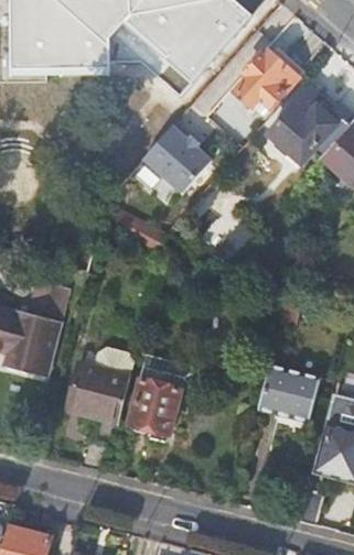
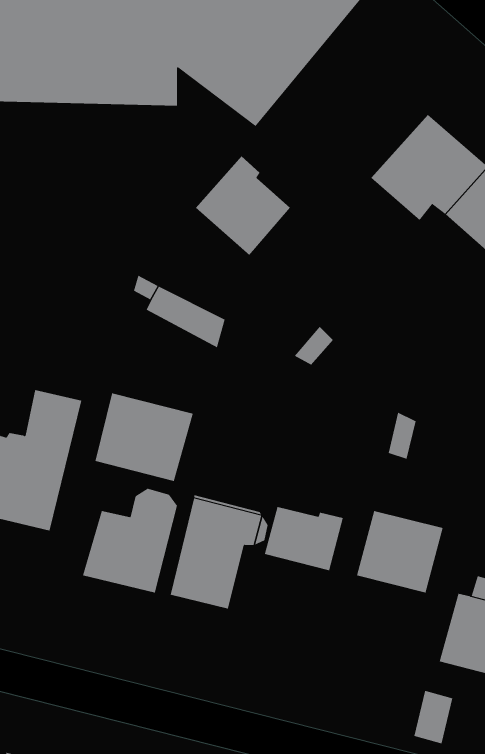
building: [234,52,296,108] -> none
building: none -> [95,393,193,482]
building: none -> [264,506,343,571]

